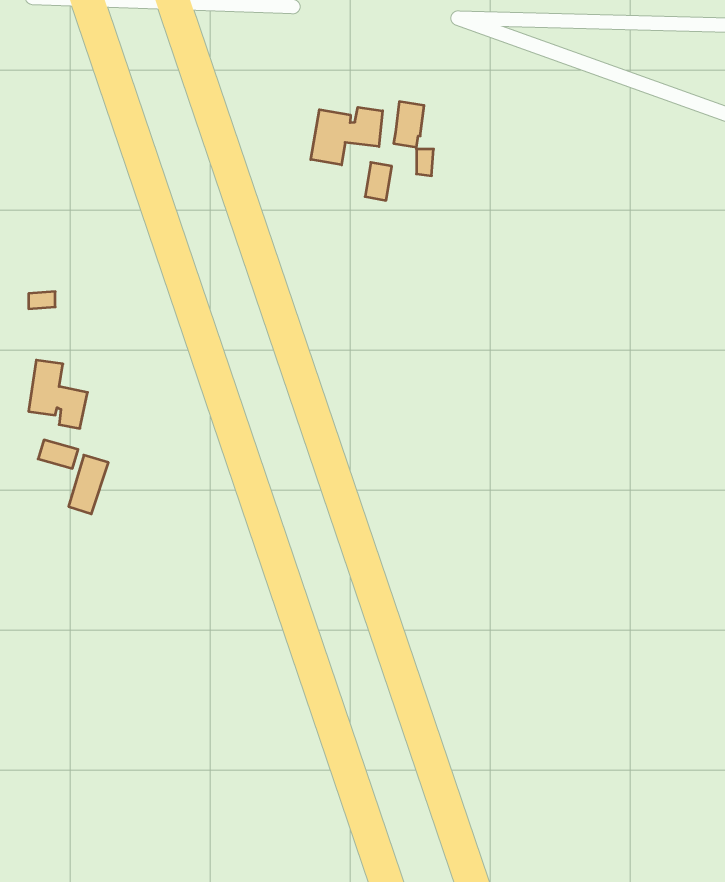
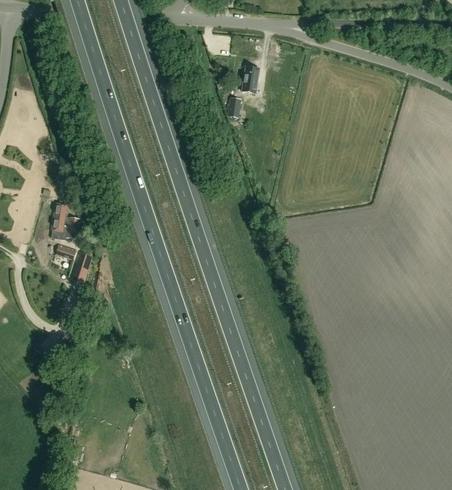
building: [311,107,383,165] -> none

